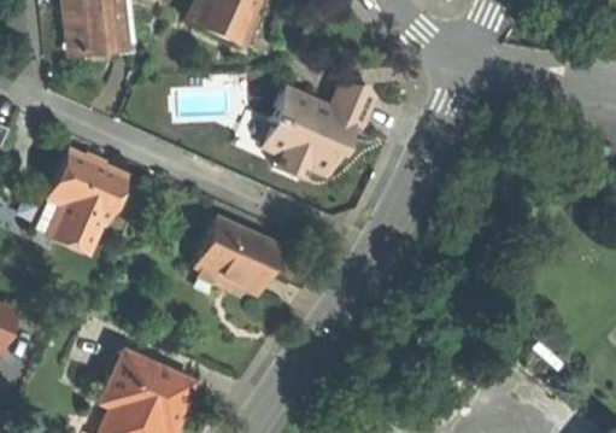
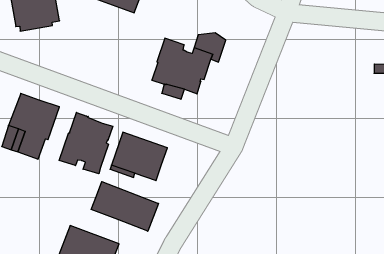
building: none -> [59,112,113,174]
building: none -> [91,182,158,231]

